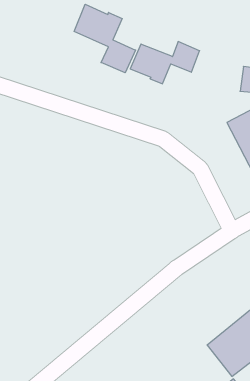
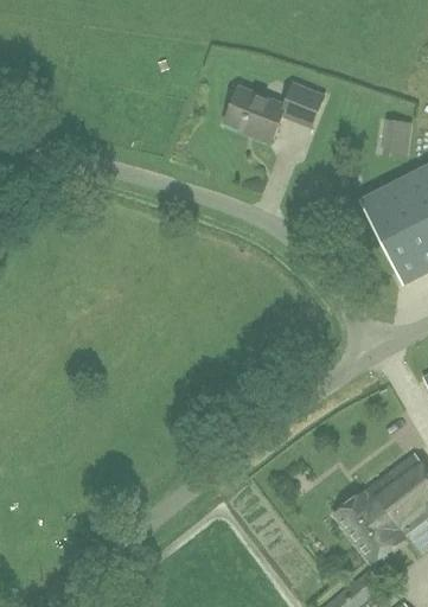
building: [74,4,136,73] -> none

